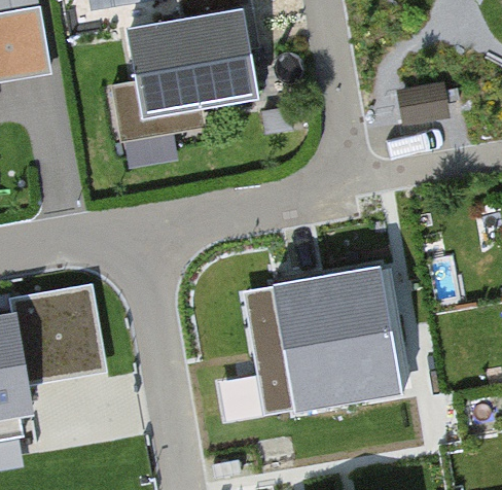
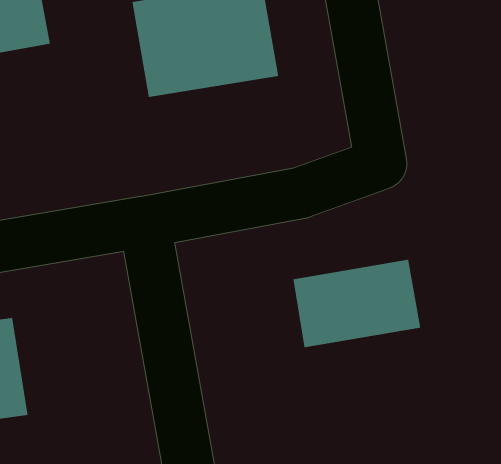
building: [26,295,95,377] -> none
building: [282,330,400,413] -> none

